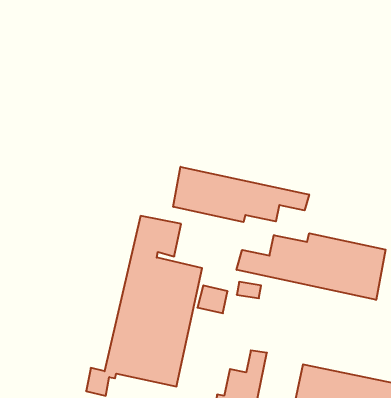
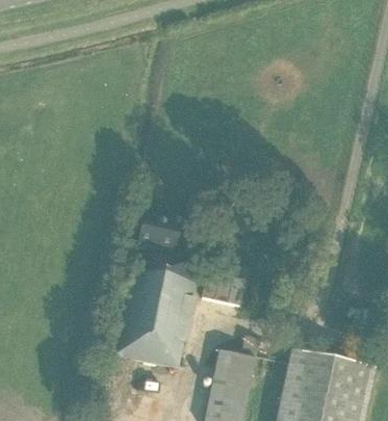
building: [173,167,309,222] -> none
building: [237,233,386,300] -> none

